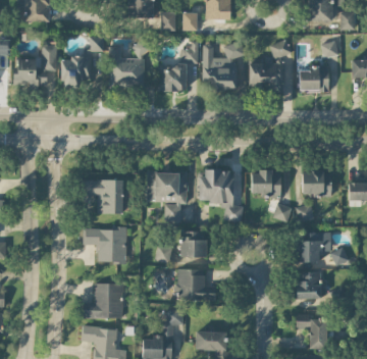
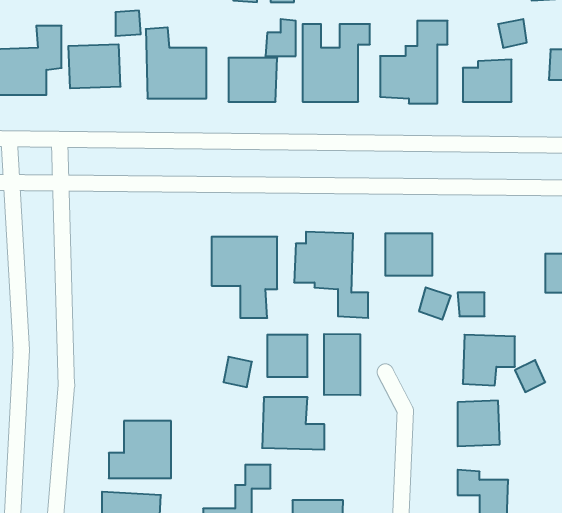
building: [303,171,332,196] -> none
building: [84,180,123,214] -> none
building: [84,228,127,261] -> none
building: none -> [324,334,360,395]

